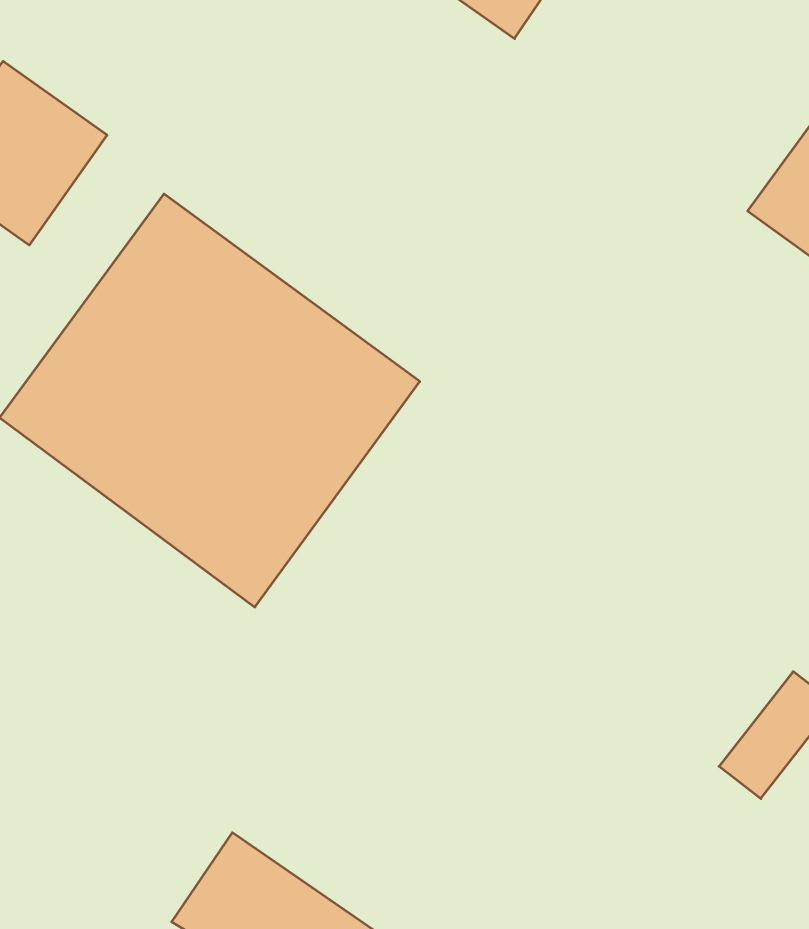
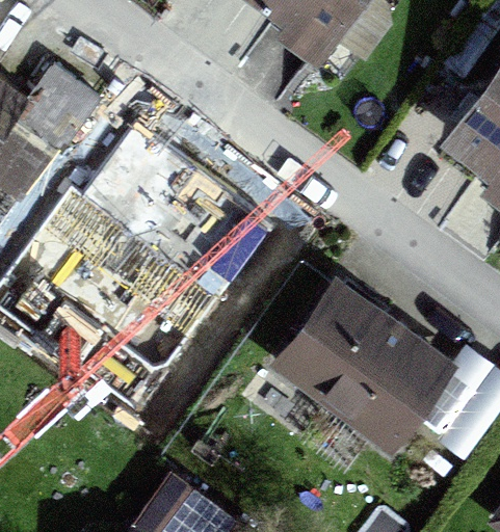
building: none -> [278,288,444,445]

